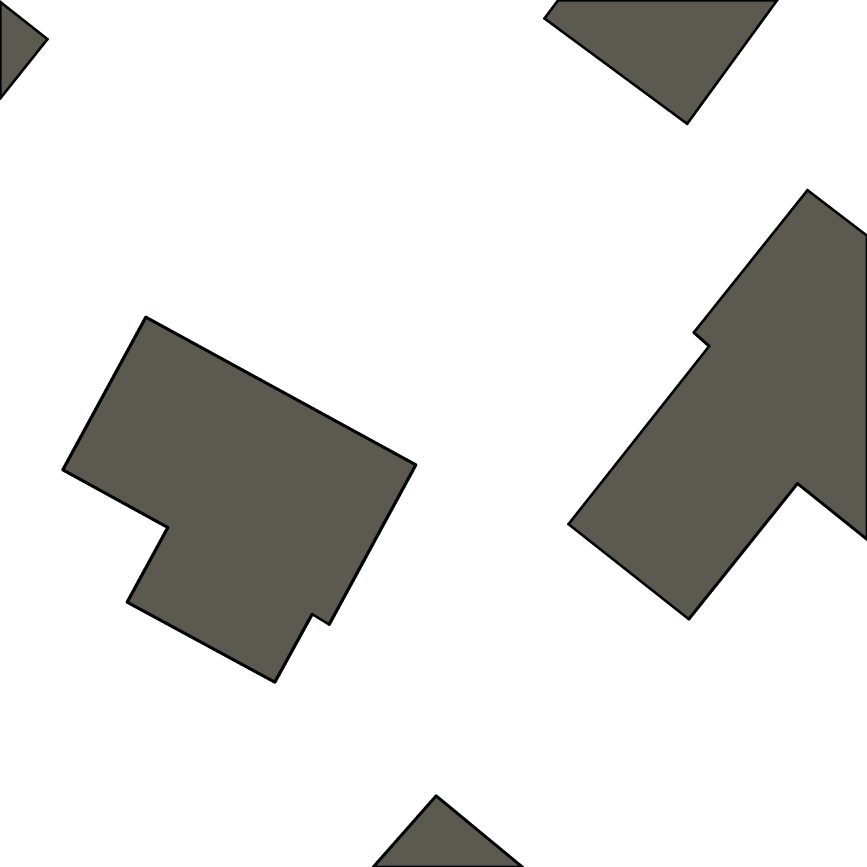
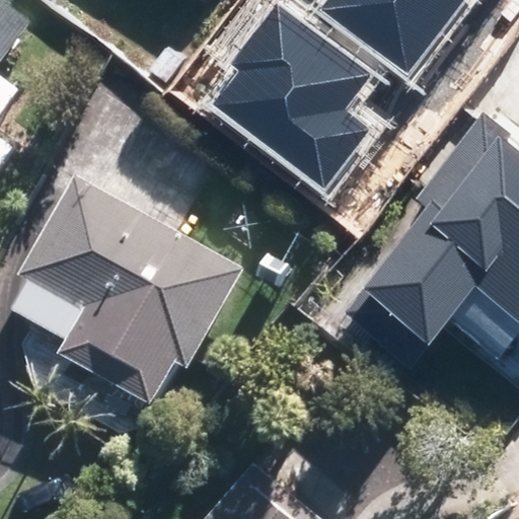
building: none -> [213,4,370,188]

